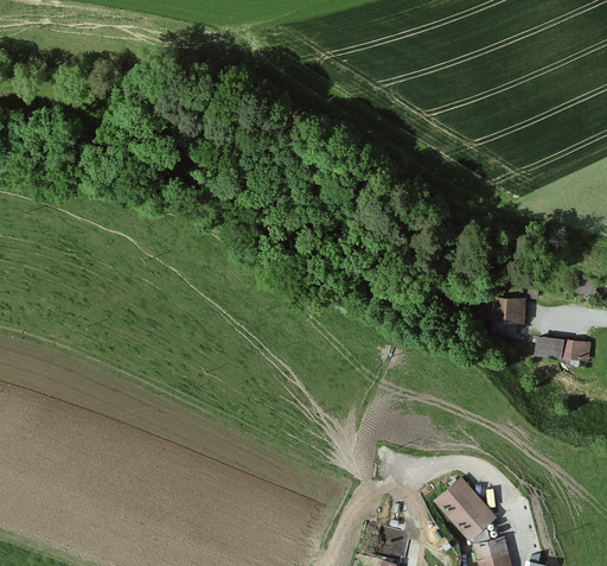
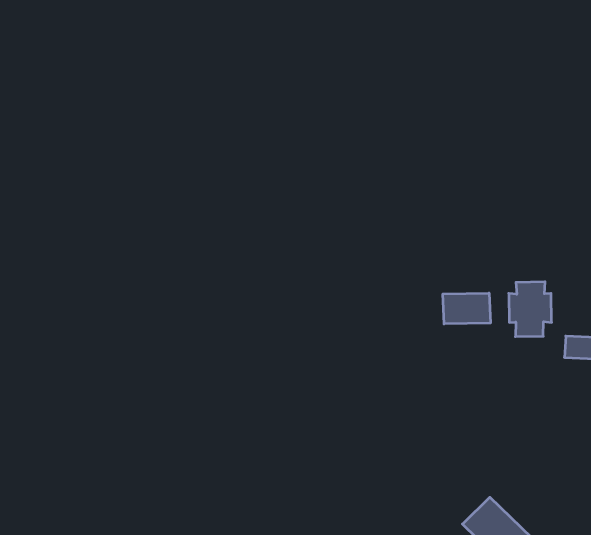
building: none -> [443,293,490,324]

